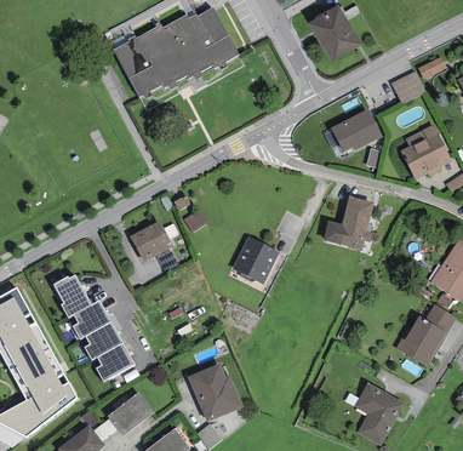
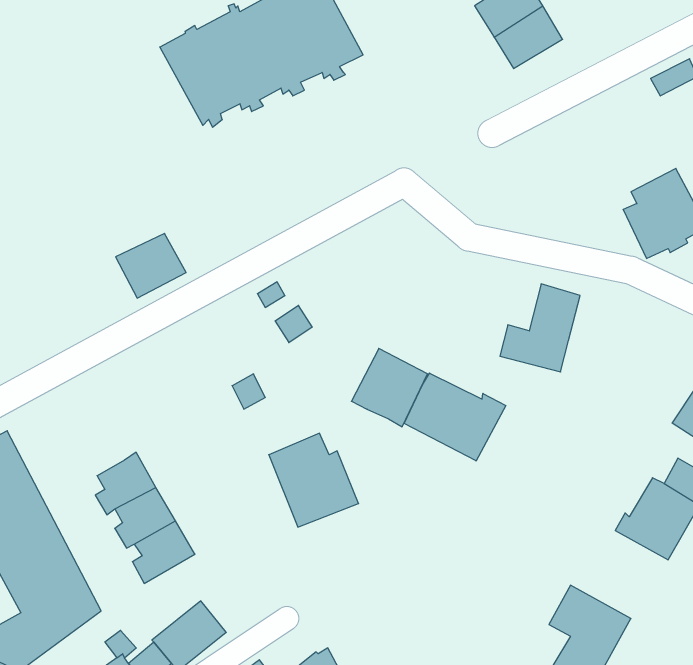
building: [391,70,425,104] -> none
building: [331,108,383,152] -> none
building: [130,221,173,261] -> [116,233,186,298]
building: none -> [404,373,506,461]
building: [53,274,91,316] -> none
building: [188,362,244,421] -> [269,433,359,527]

